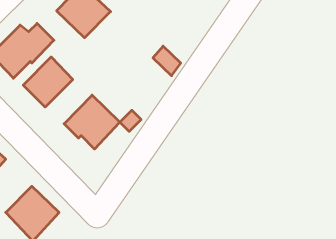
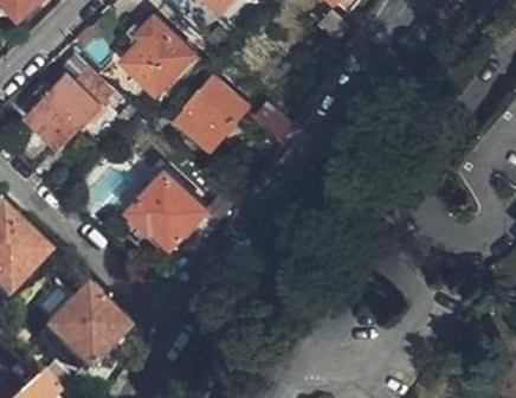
building: none -> [176,81,241,148]
building: [23,57,73,107] -> none

